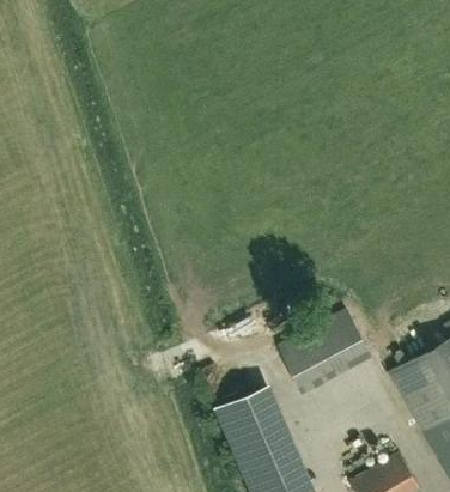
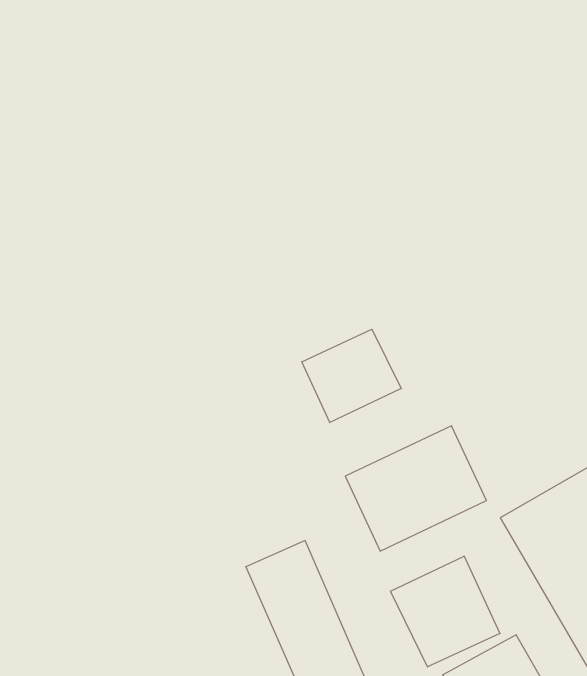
building: none -> [302,329,401,423]
building: none -> [391,556,500,667]

